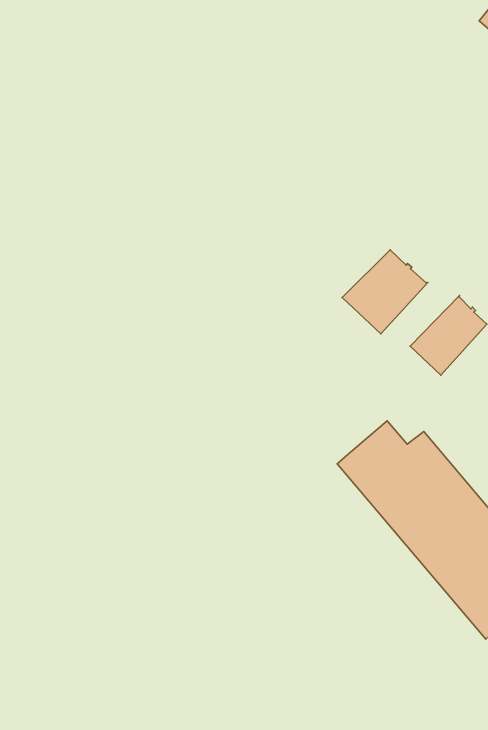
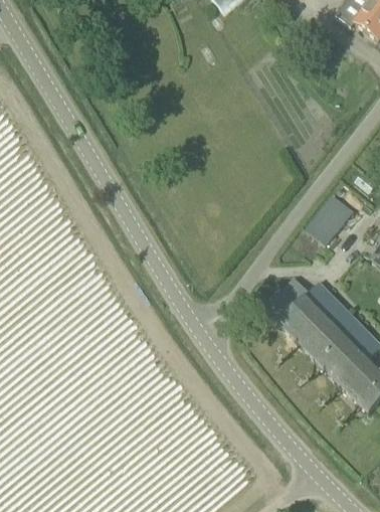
building: [342,250,428,334] -> none

